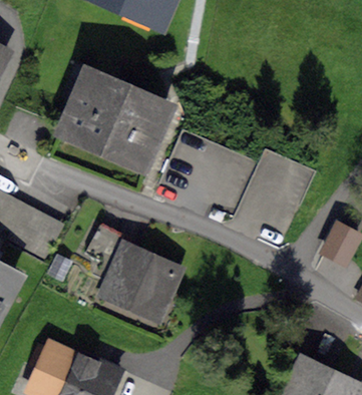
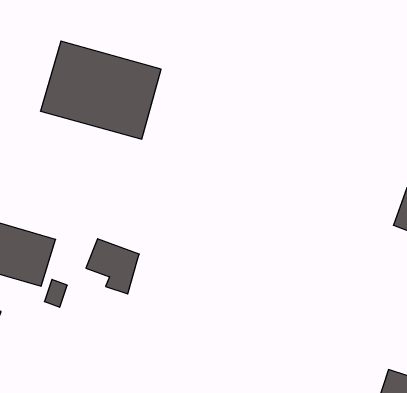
building: [109,251,174,314] -> none

